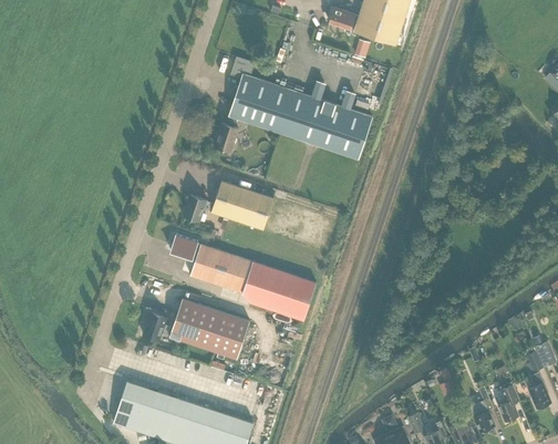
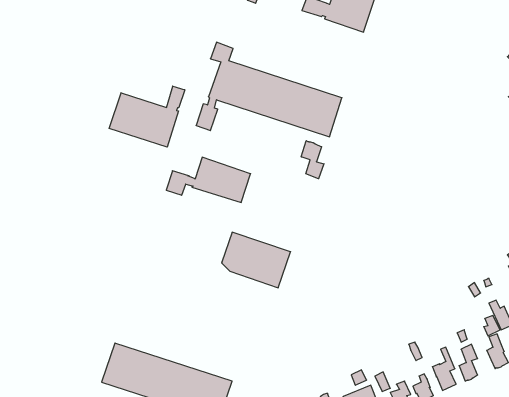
building: none -> [109,86,185,147]
building: none -> [301,141,324,179]
building: [172,234,254,293] -> none
building: [143,298,249,359] -> none

